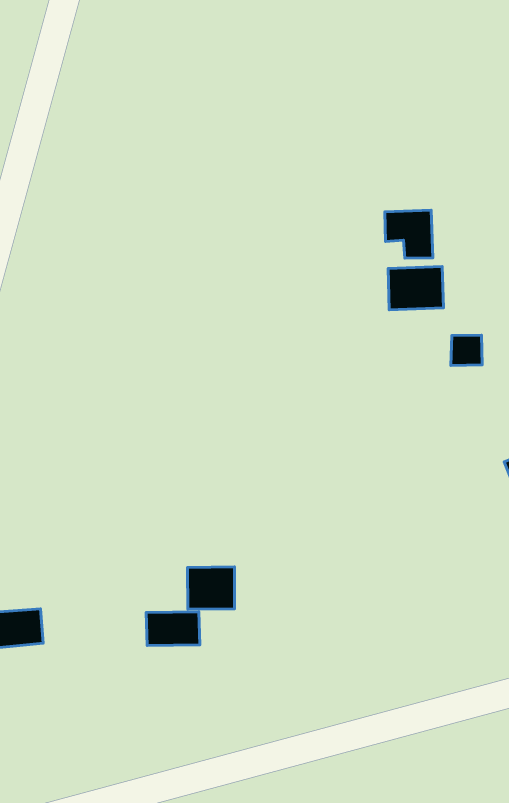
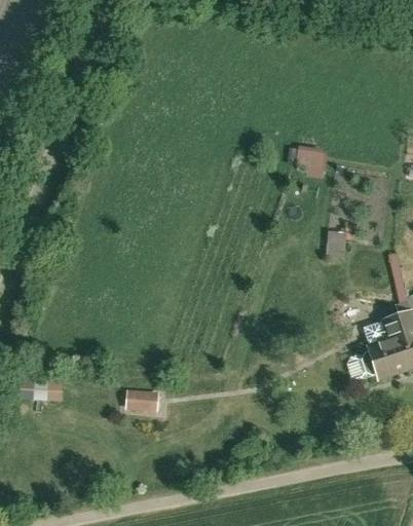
building: [388,266,443,310] -> none
building: [188,567,235,609] -> none

